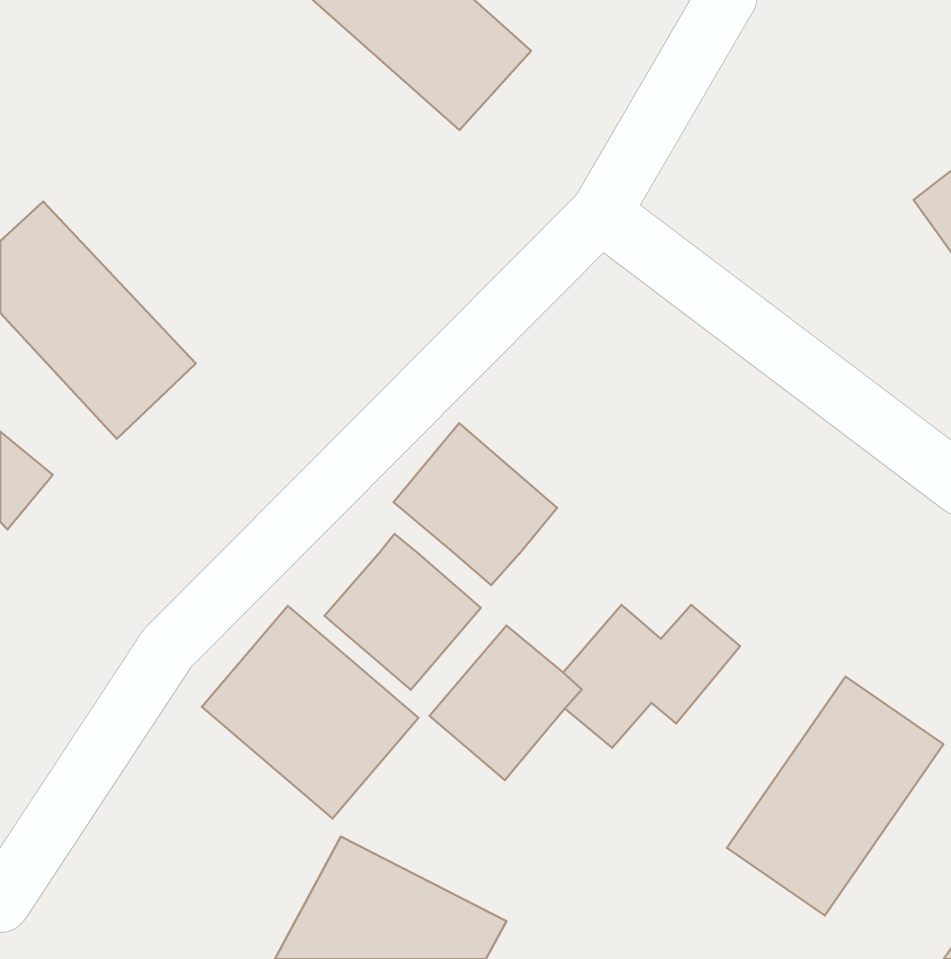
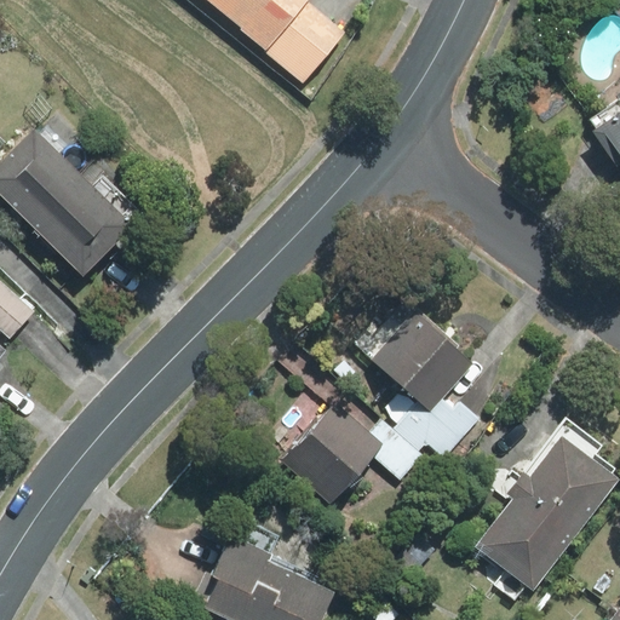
building: [393,423,557,585] -> [369,306,475,411]
building: [325,534,481,690] -> none
building: [202,606,419,819] -> none

